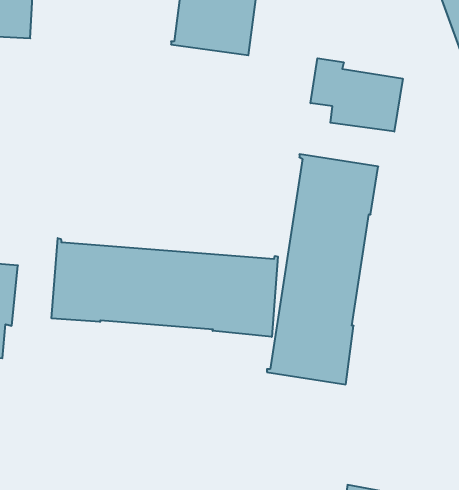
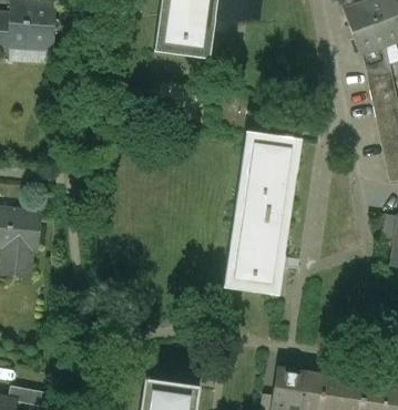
building: [311,58,403,132] -> none
building: [52,238,278,337] -> none

